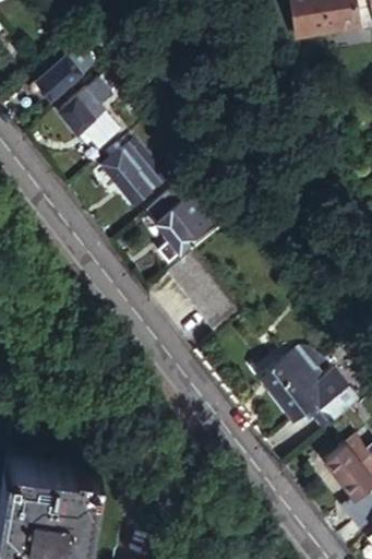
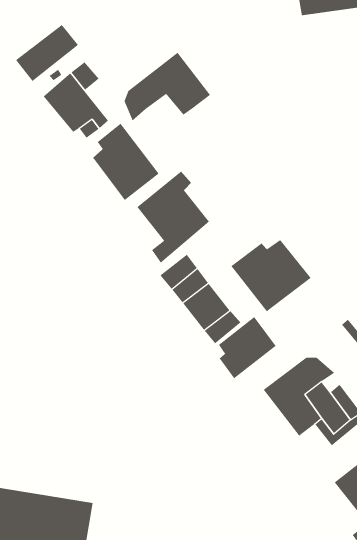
building: none -> [124,52,211,122]
building: none -> [230,239,311,312]
building: none -> [218,316,276,379]

